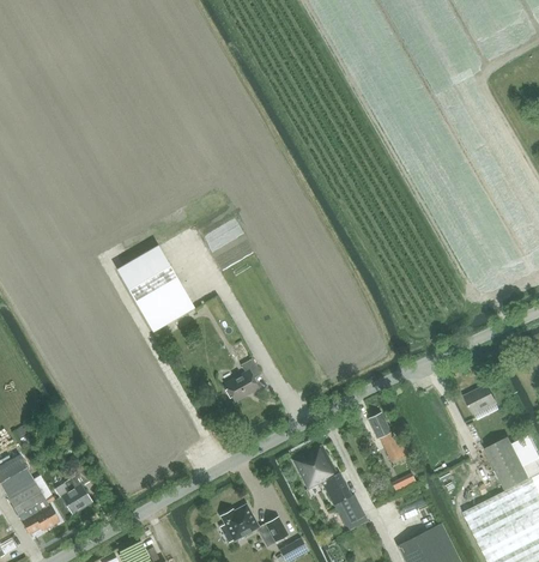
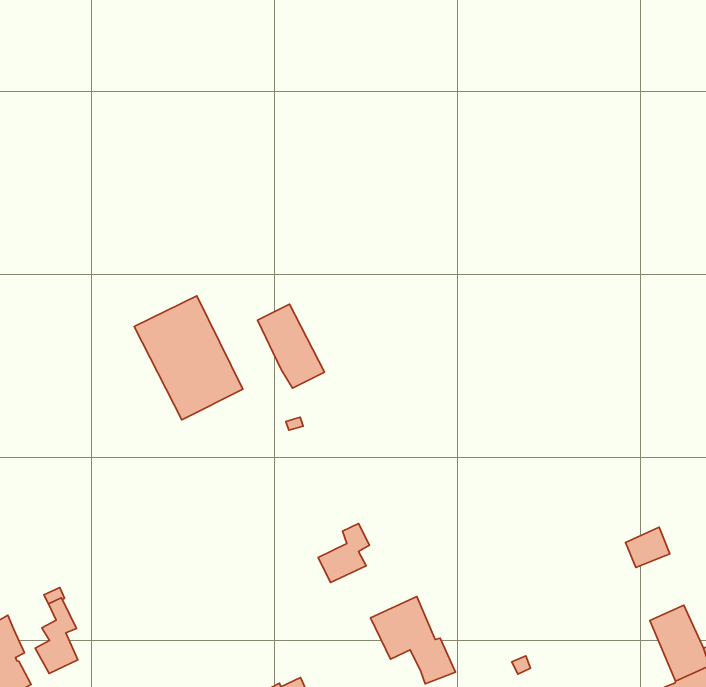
building: none -> [257,304,325,388]
building: [225,361,260,403] -> [318,524,369,583]
building: [369,413,410,464] -> none

